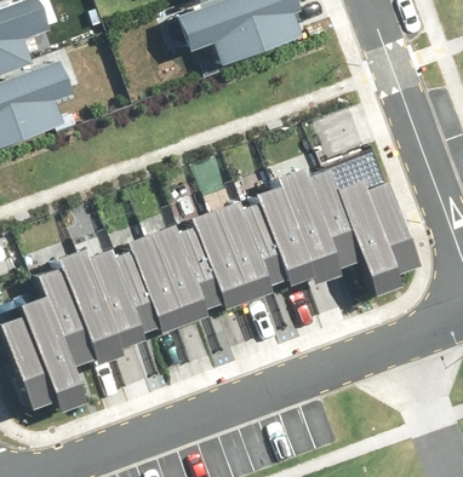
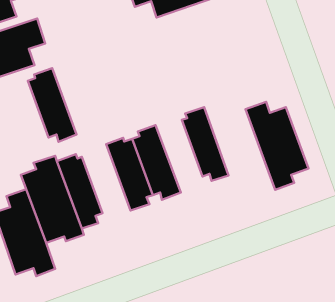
building: [280,166,365,283] -> none
building: [217,200,280,299] -> none
building: [118,234,183,333] -> [28,68,76,142]

